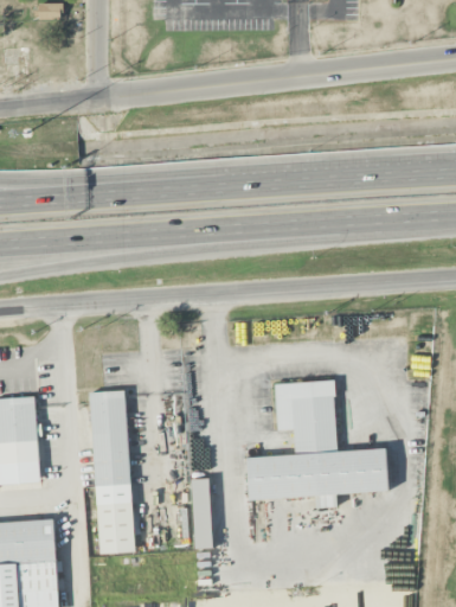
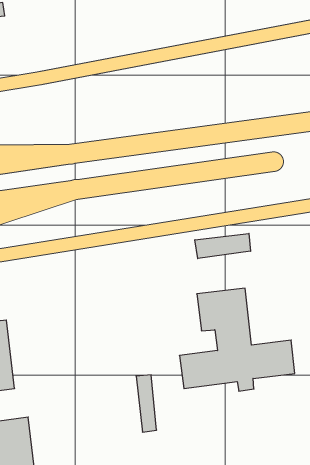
building: none -> [195,233,251,259]
building: [90,390,134,554] -> none

